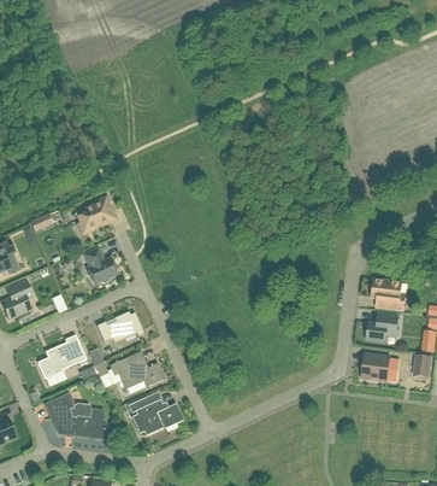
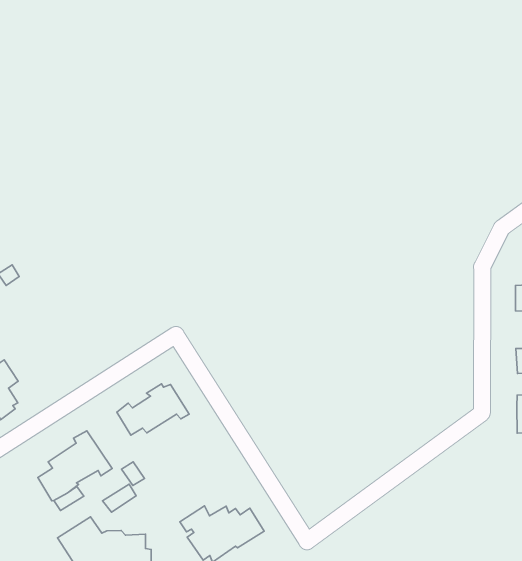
building: [77,194,117,234] -> none
building: [84,247,117,282] -> none
building: [110,350,165,388] -> none

